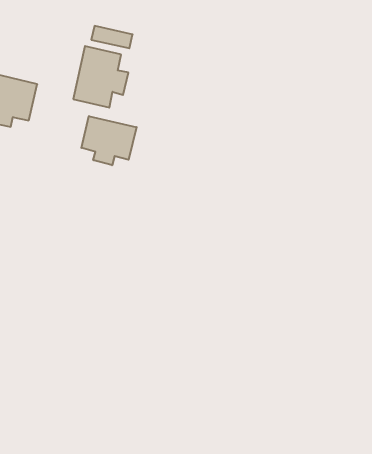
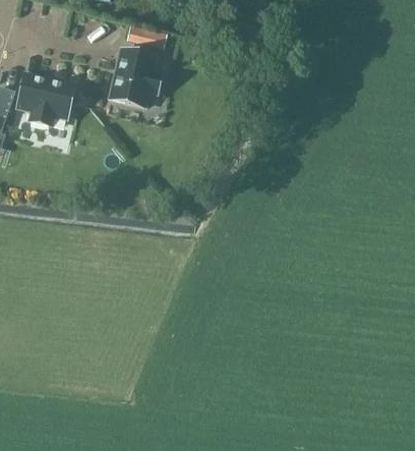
building: [81,116,137,165] -> none

